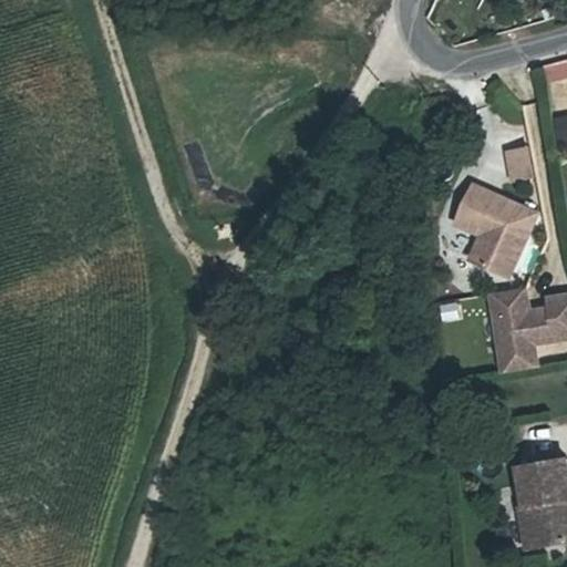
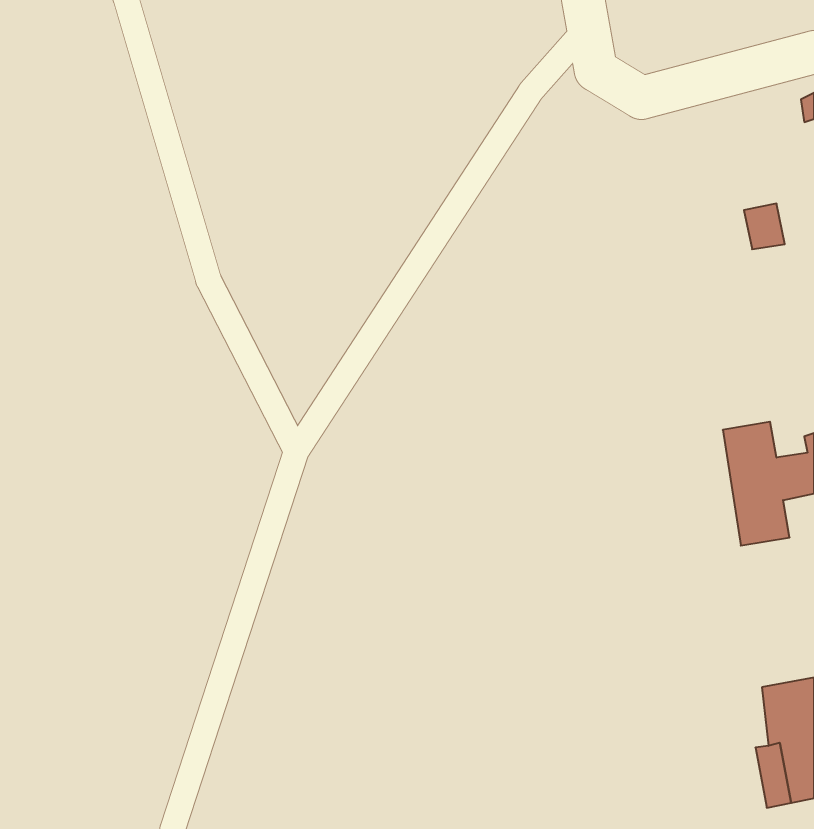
building: [455,184,535,276] -> none

